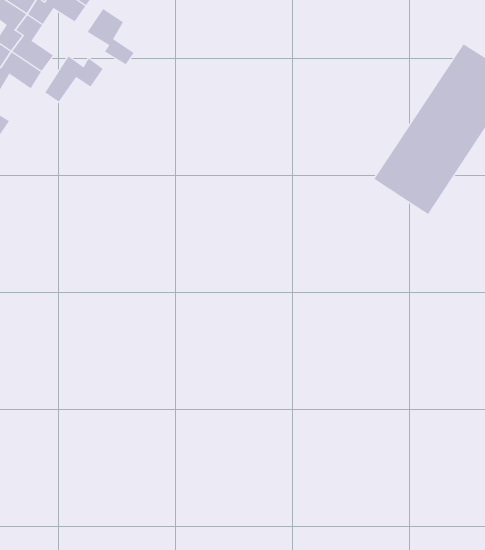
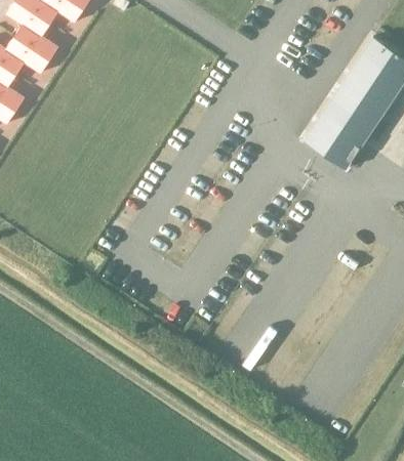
building: [87,8,134,65] -> none
building: [44,55,103,103] -> none

